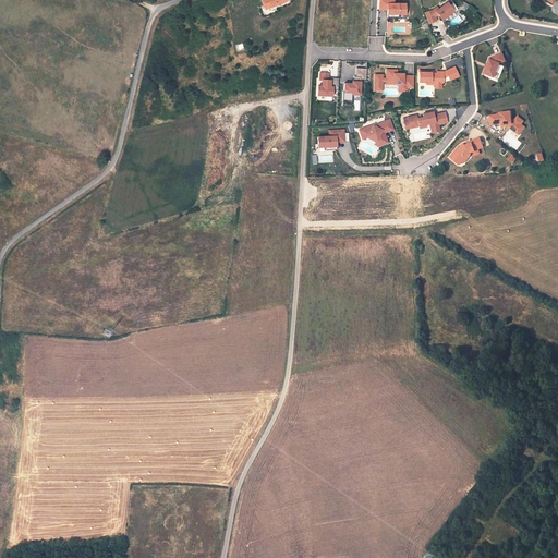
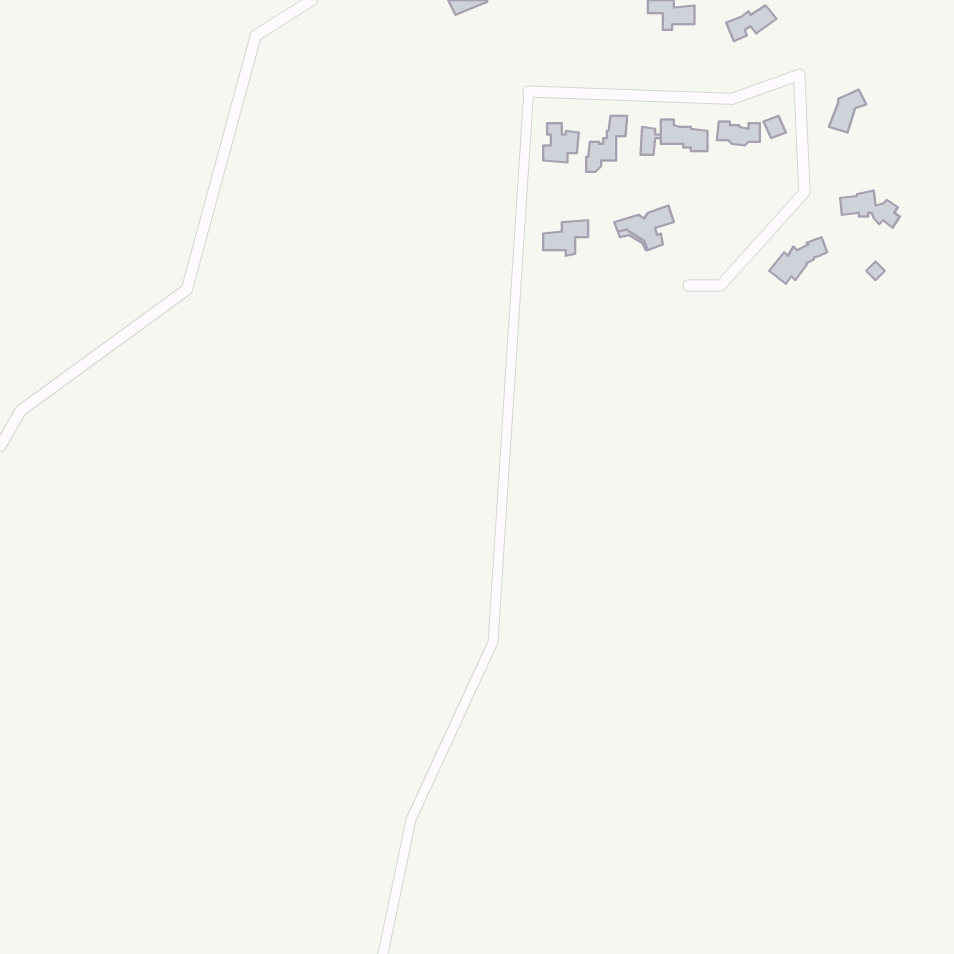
building: [408,112,447,129] -> none

